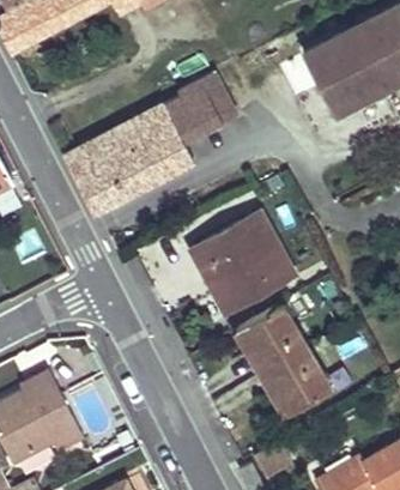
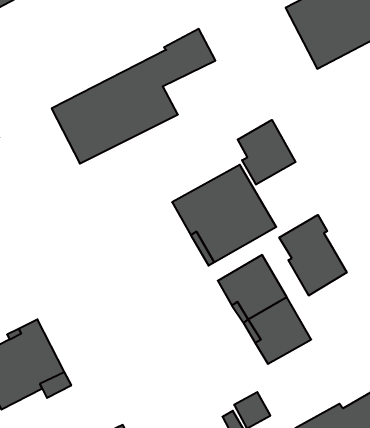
building: none -> [238,120,296,185]
building: none -> [279,215,347,296]

